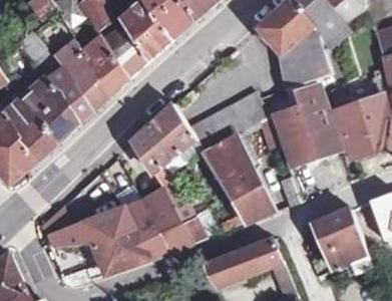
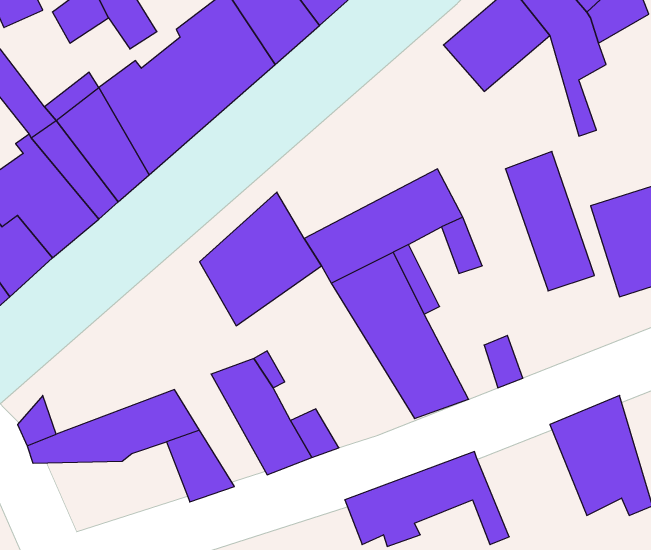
building: [281,23,330,88] -> none
building: [269,92,314,163] -> none
building: [120,199,168,257] -> none
building: [60,234,128,283] -> none

